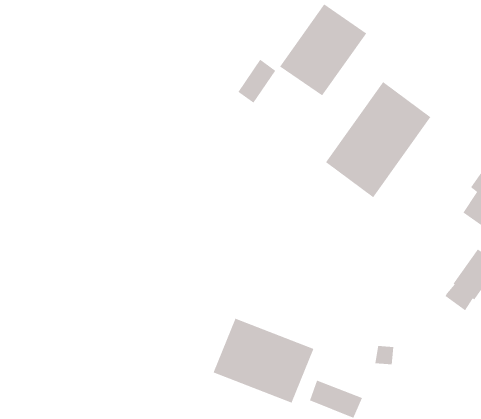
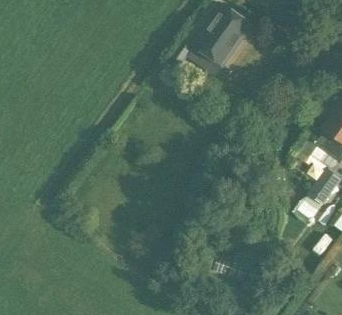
building: [325,81,431,198] -> none
building: [213,318,314,403] -> none

